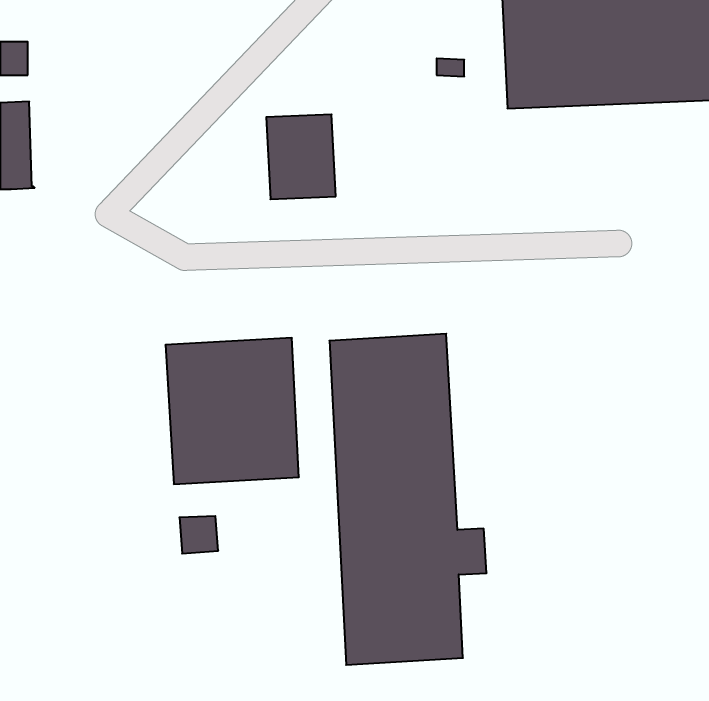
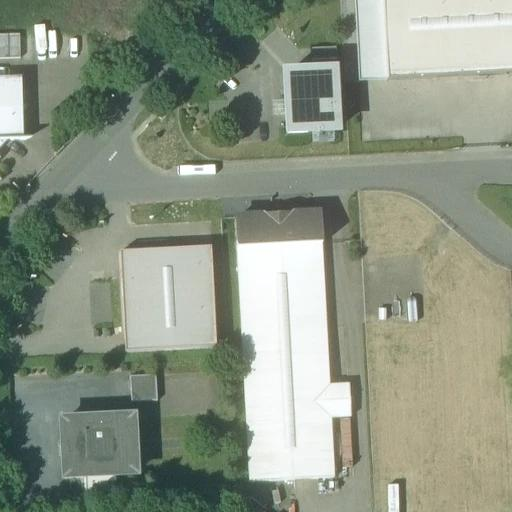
building: [266,114,336,199] -> [286,68,336,129]
building: none -> [236,209,322,245]
building: none -> [62,413,136,490]

